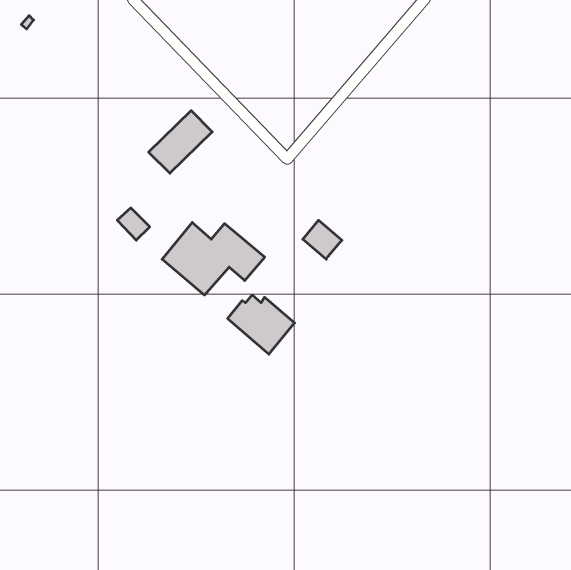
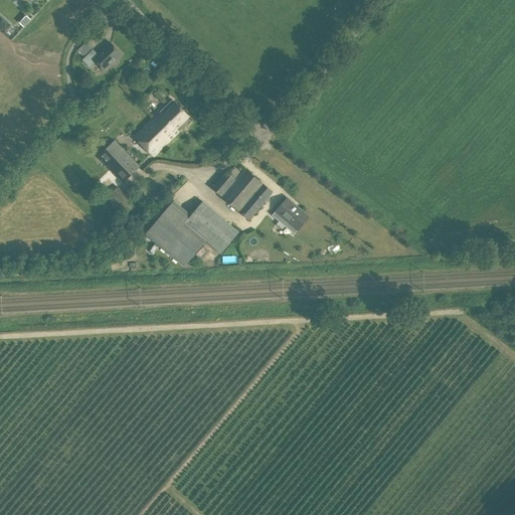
building: none -> [82,42,121,70]
building: none -> [98,140,139,183]
building: [228,295,295,354] -> [212,167,273,220]

